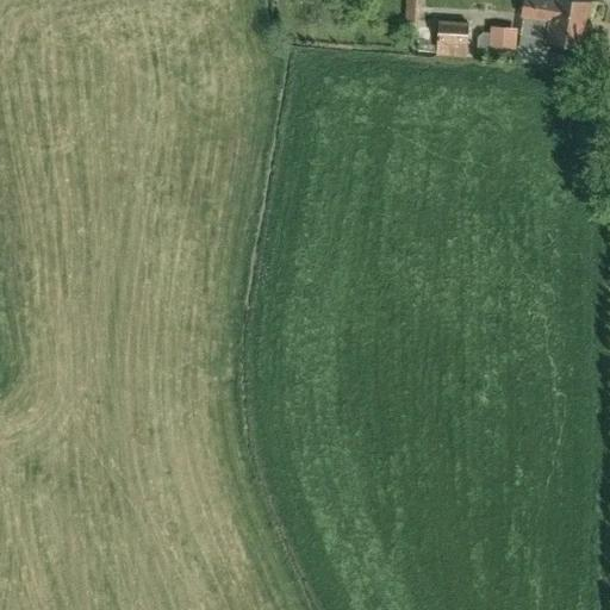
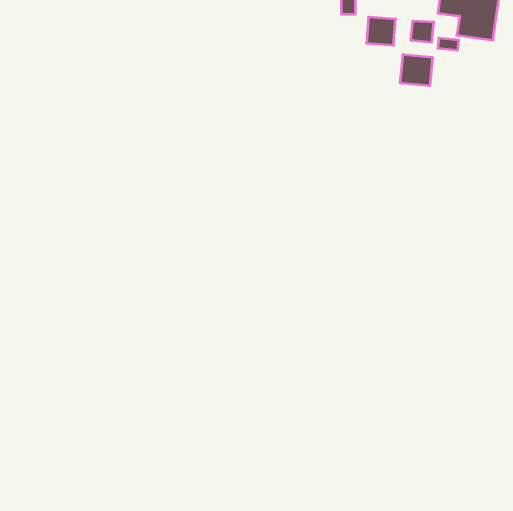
building: none -> [400,54,432,86]

